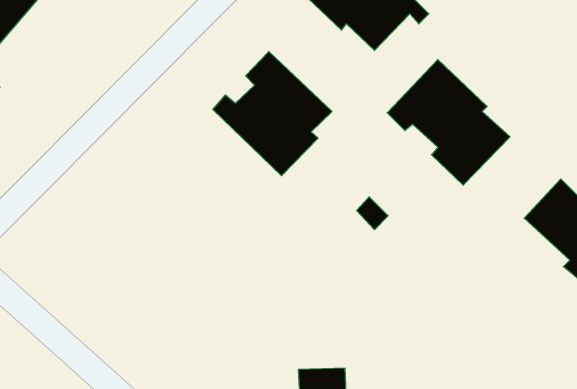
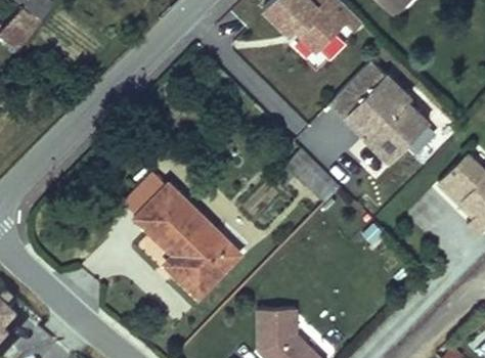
building: [213,51,332,176] -> none
building: none -> [136,179,239,293]

